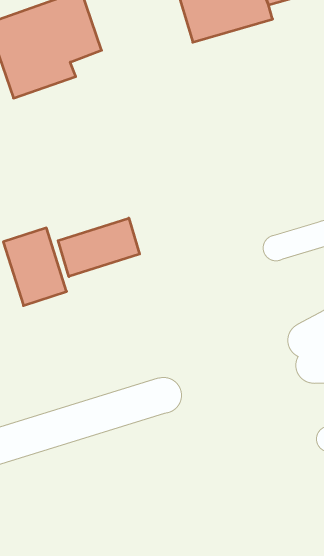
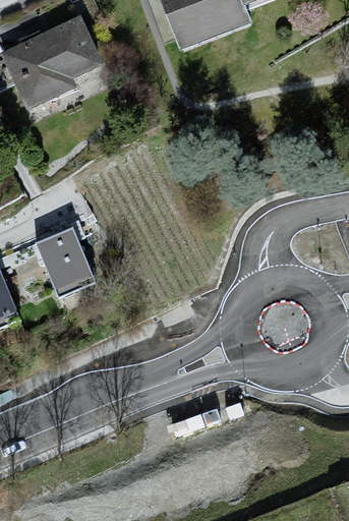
building: [58,218,140,277] -> none

